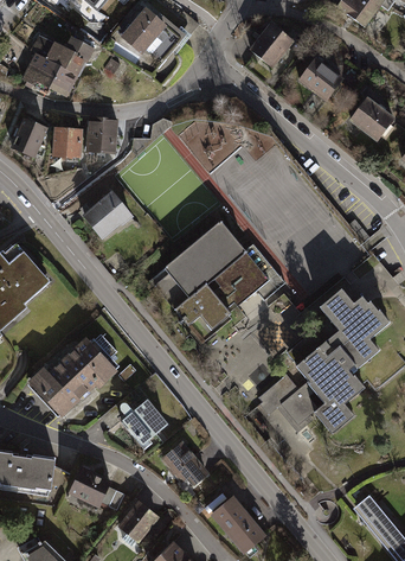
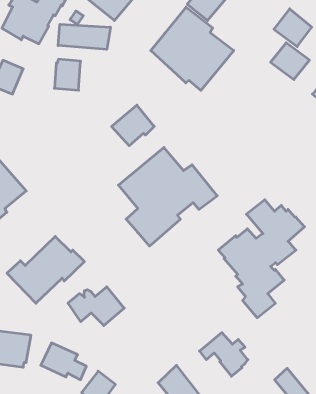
building: none -> [151,7,234,90]
building: [297,57,343,103] -> [274,9,312,47]
building: none -> [58,24,110,49]
building: [50,127,81,160] -> none
building: [79,191,131,241] -> [112,105,154,146]
building: [258,375,317,428] -> [199,333,248,376]
building: [161,439,208,485] -> none

